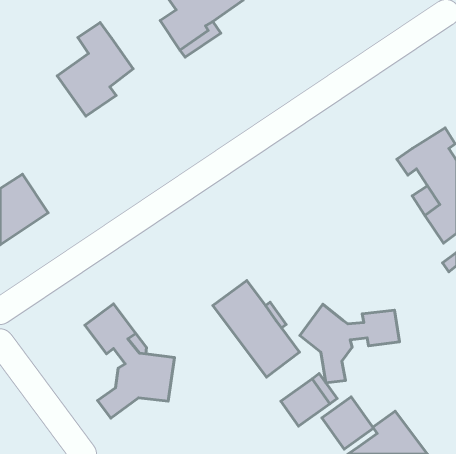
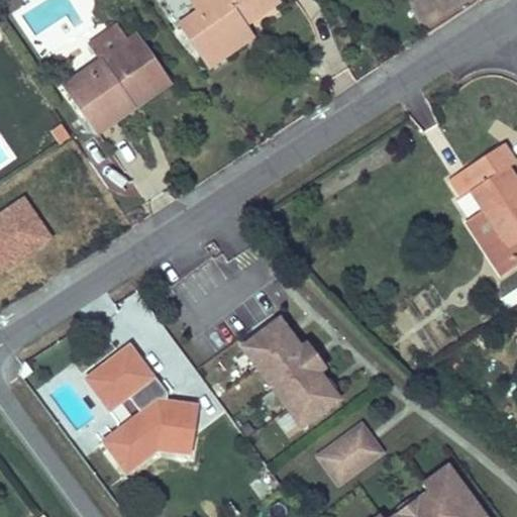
building: none -> [125,36,169,108]
building: [300,304,400,383] -> none
building: none -> [85,368,134,452]
building: [322,397,374,449] -> none

